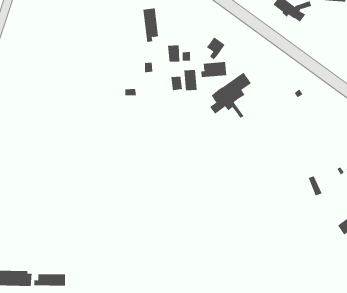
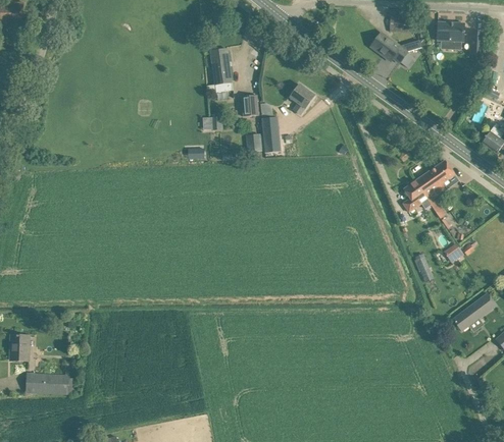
building: [201,61,227,78] -> none
building: [209,72,252,119] -> [401,160,454,218]
building: [34,274,66,286] -> none

